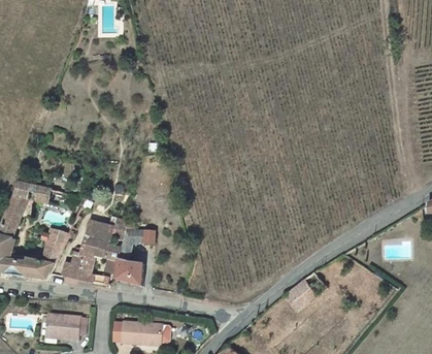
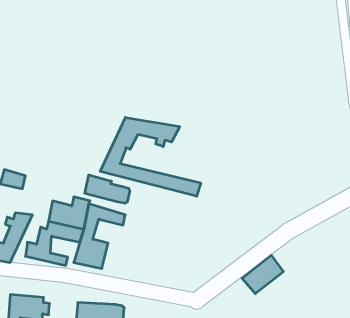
building: none -> [100,117,201,196]
building: none -> [85,175,130,203]

